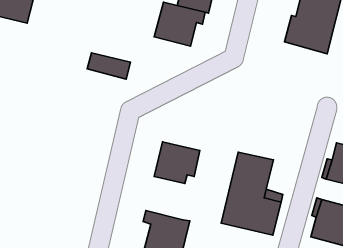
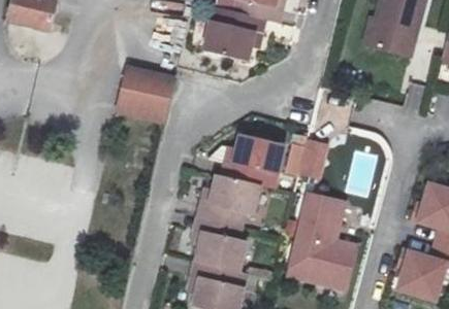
building: none -> [117,87,169,121]
building: none -> [222,135,283,188]
building: none -> [284,141,324,179]
building: none -> [193,217,246,270]

